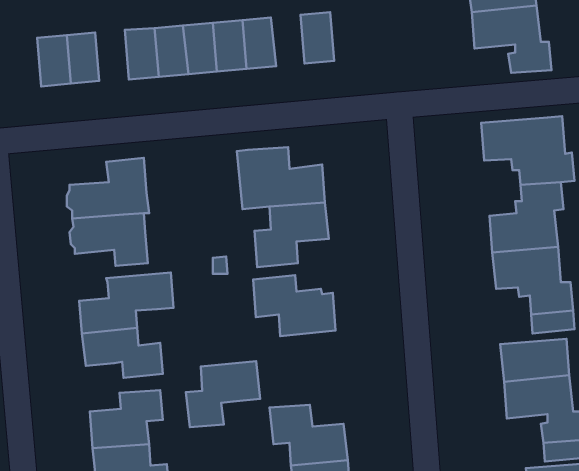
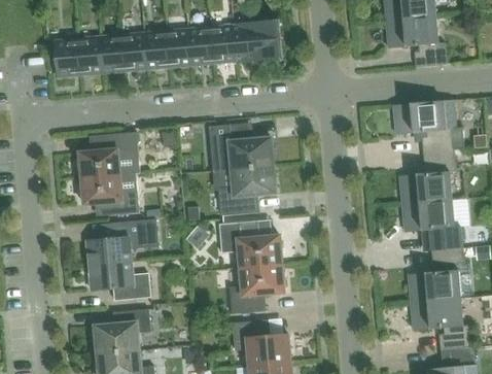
building: none -> [232,23,257,62]
building: none -> [98,34,124,73]
building: [186,361,260,427] -> [227,264,284,314]

